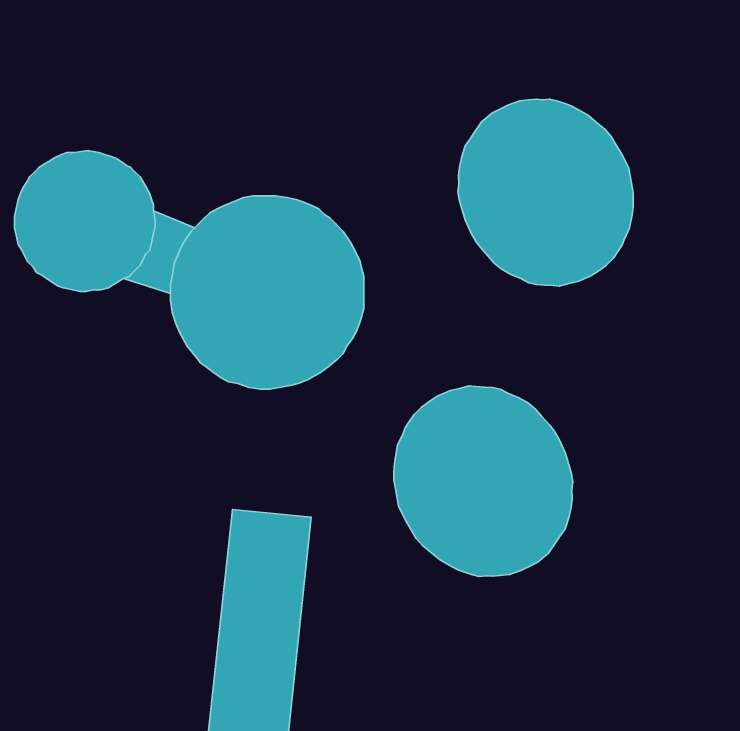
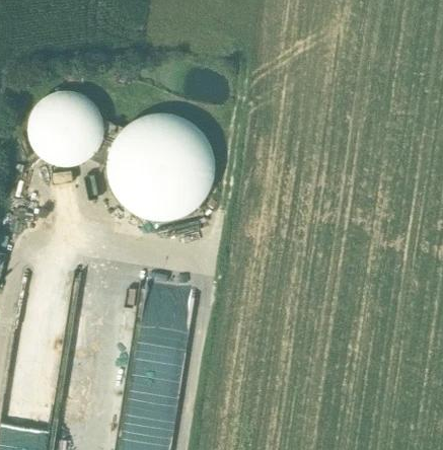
building: [458,99,633,286] -> none
building: [394,386,573,576] -> none

